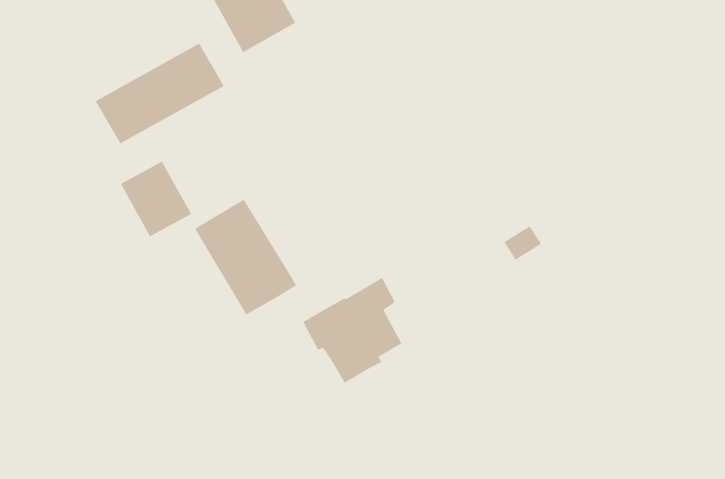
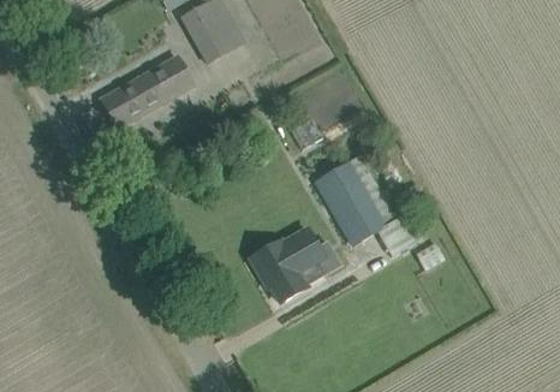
building: [120,161,192,237] -> none
building: [194,199,297,315] -> [314,160,388,244]

